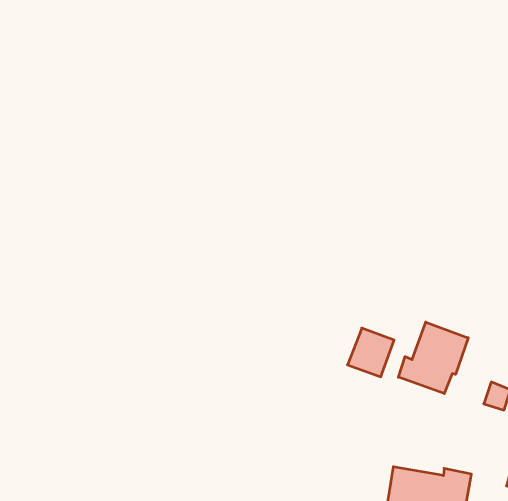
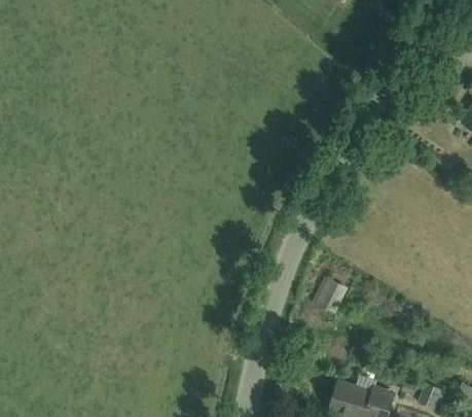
building: [398,322,468,394] -> none

